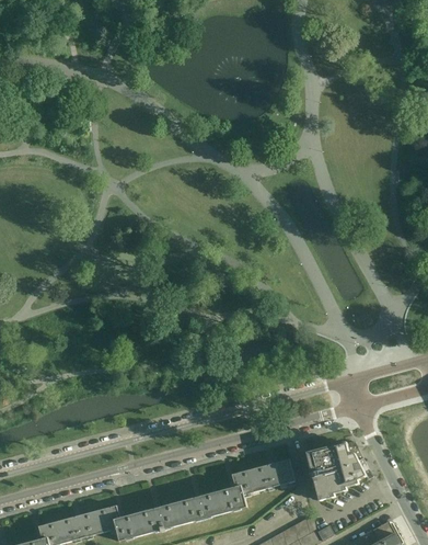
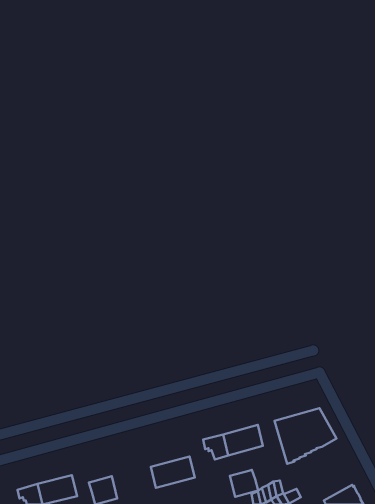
building: [216,485,245,513] -> [230,470,258,497]
building: [135,502,181,535] -> none
building: [93,504,117,533] -> none

